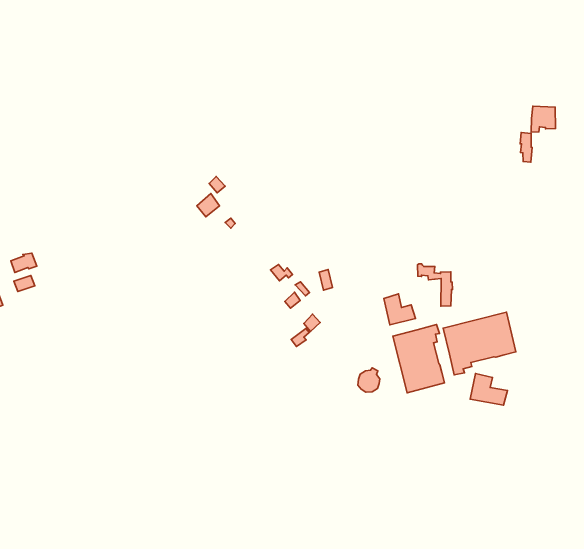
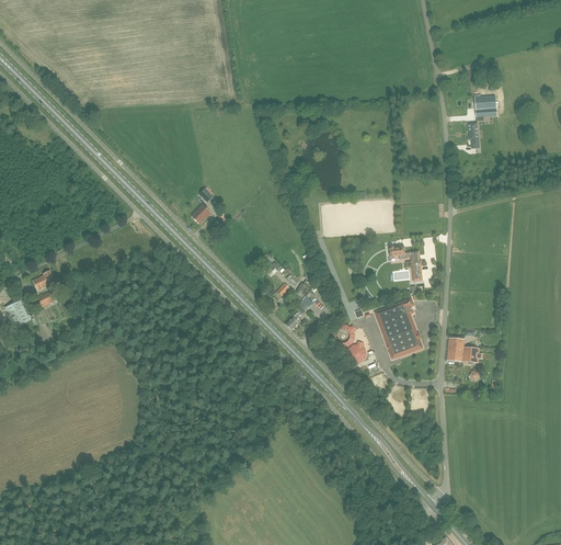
building: [384,294,416,325] -> none
building: [443,312,516,375] -> none

